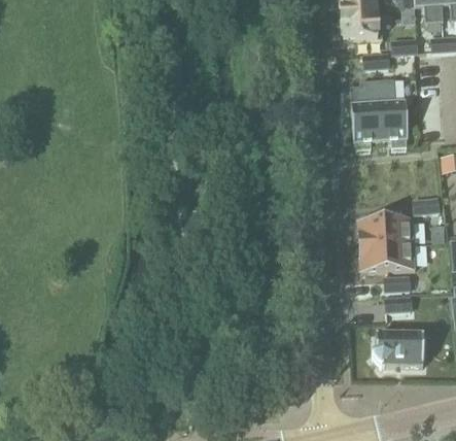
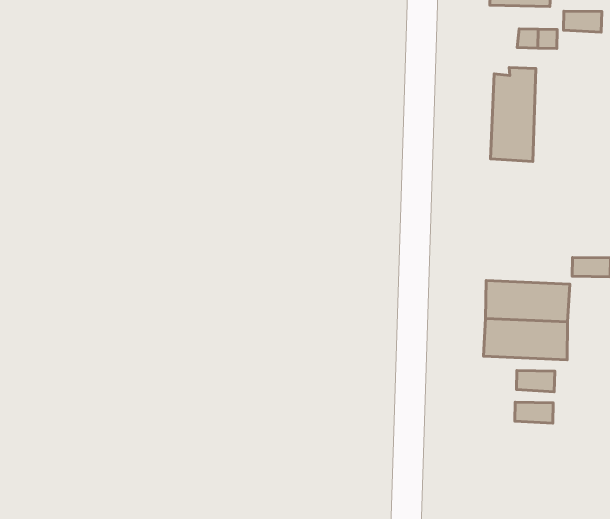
building: [377,78,408,140] -> none
building: [372,334,423,367] -> none

